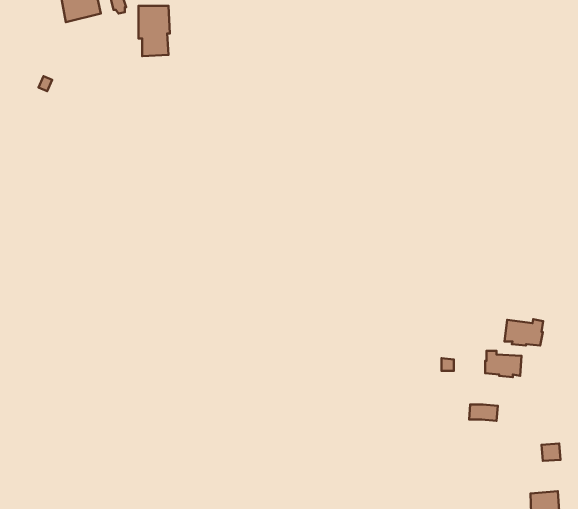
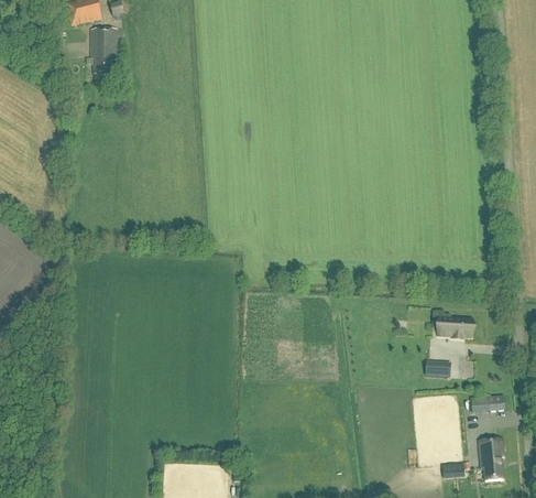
building: [138,6,170,56] -> [89,29,117,73]
building: [505,319,543,346] -> none

